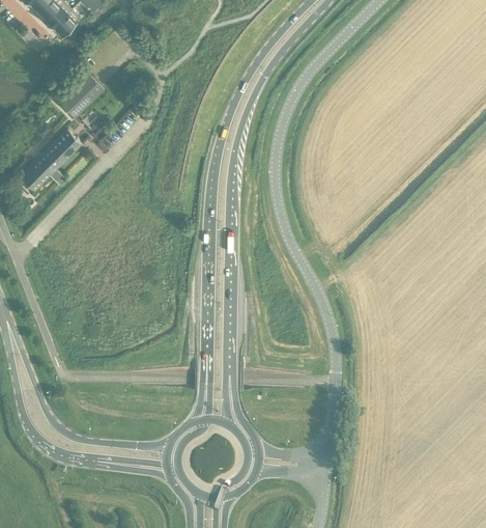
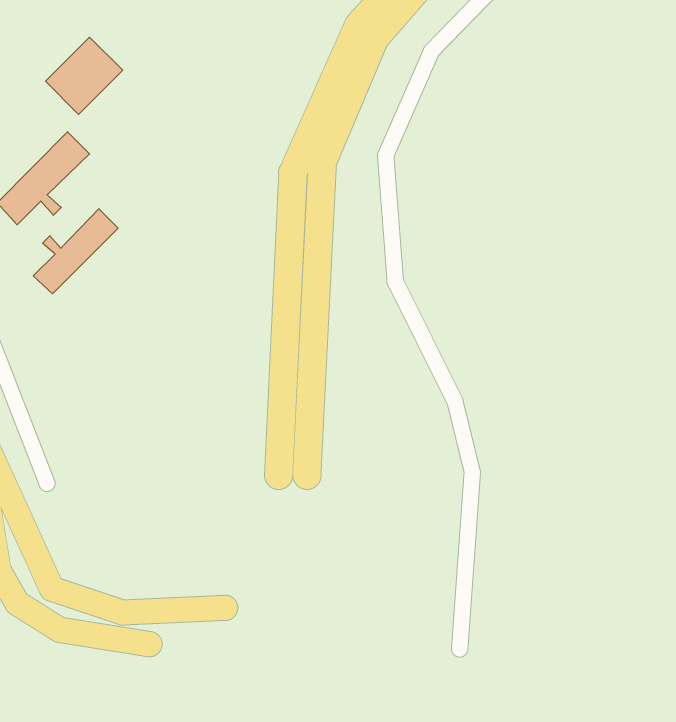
building: none -> [33,209,118,294]

